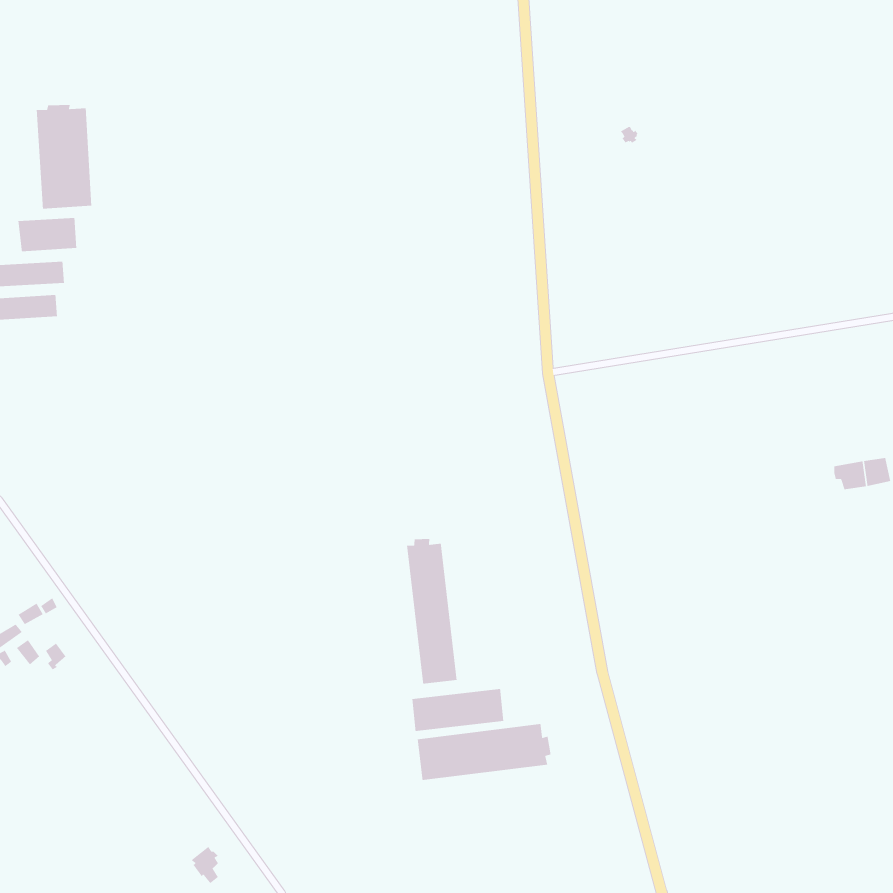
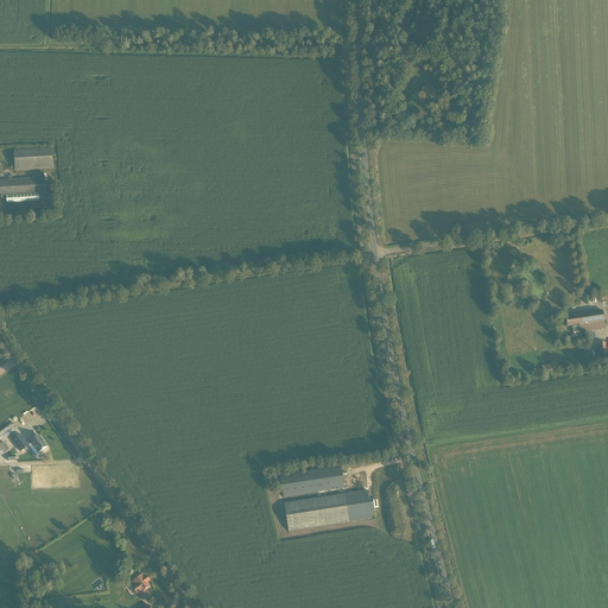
building: [36,104,92,209] -> none
building: [406,538,458,685] -> none

